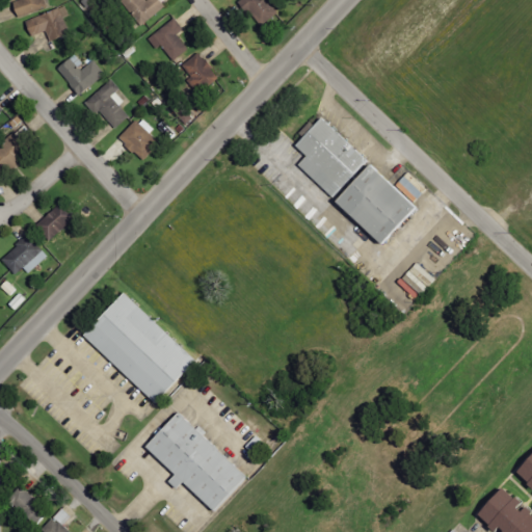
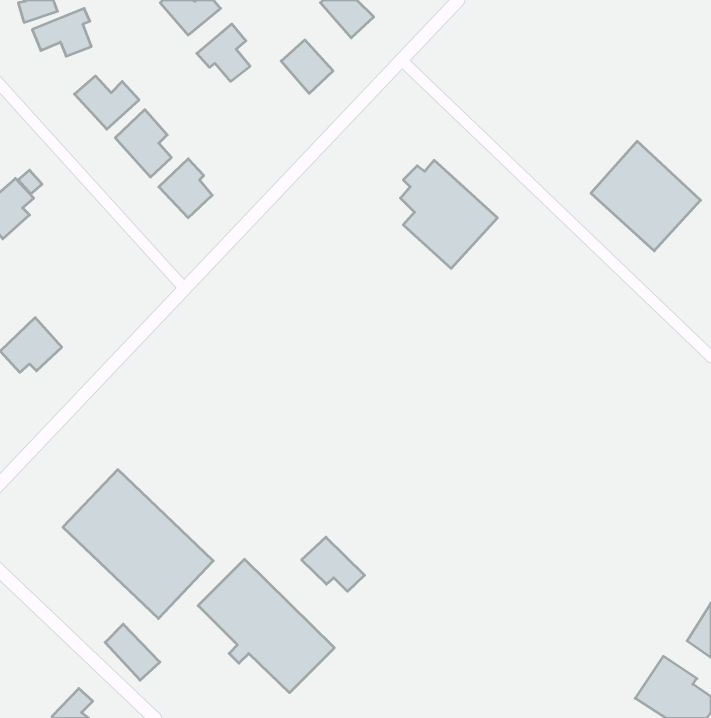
building: [179,53,217,92] -> [281,40,333,93]
building: [339,164,420,245] -> [591,141,701,251]
building: [34,198,78,240] -> none
building: [85,294,196,404] -> [63,470,213,619]
building: none -> [302,537,365,591]
building: [5,485,46,527] -> [105,624,160,680]

